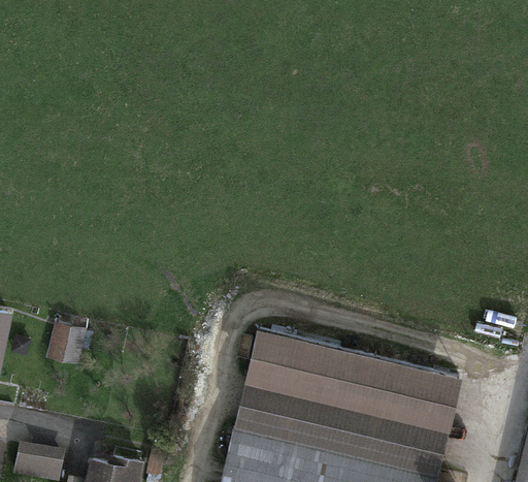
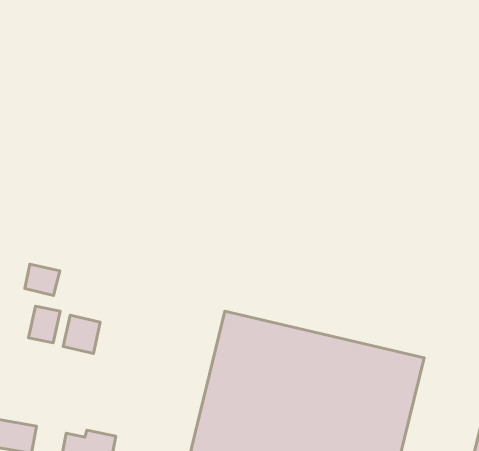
building: none -> [25,264,60,295]
building: none -> [63,315,100,354]

